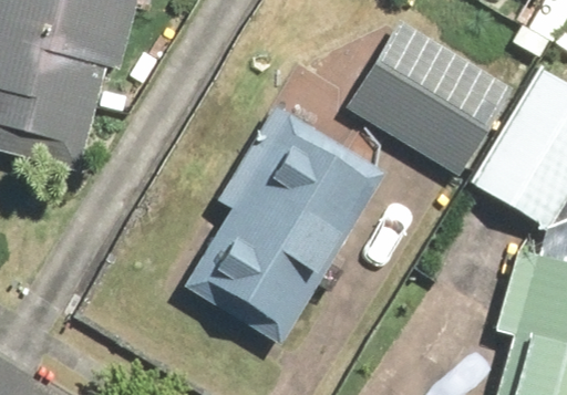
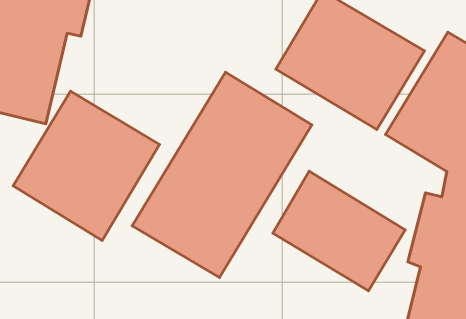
building: none -> [13,91,159,240]
building: none -> [273,171,405,291]

